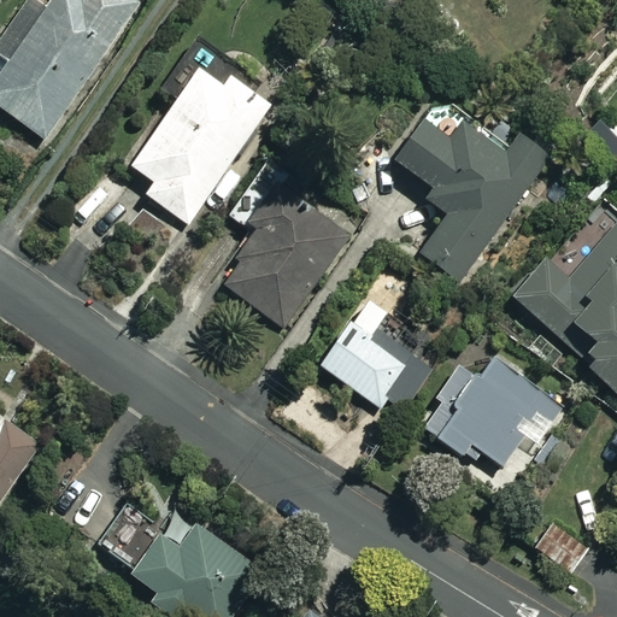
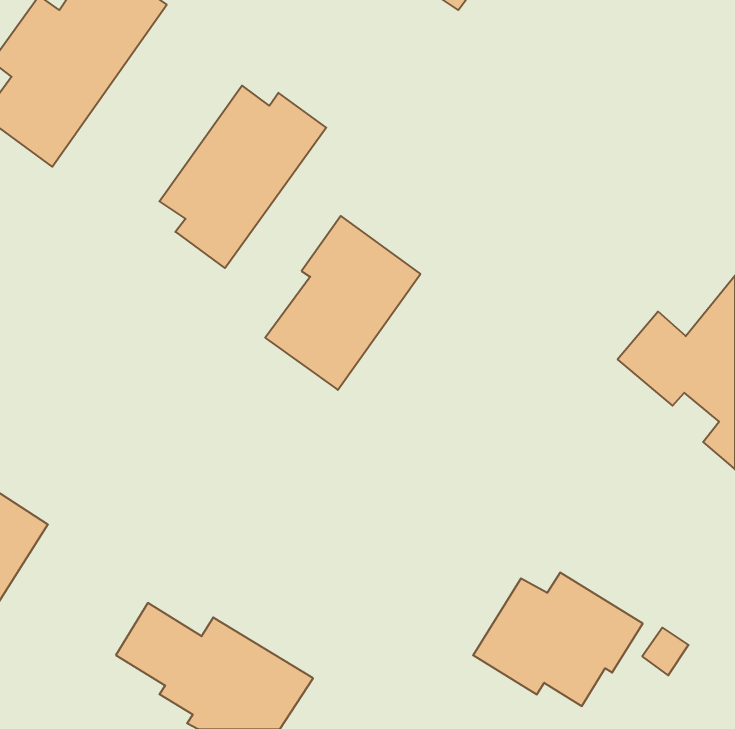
building: [398,100,552,280] -> none
building: [323,301,423,405] -> none
building: [418,358,559,469] -> [473,573,643,706]

